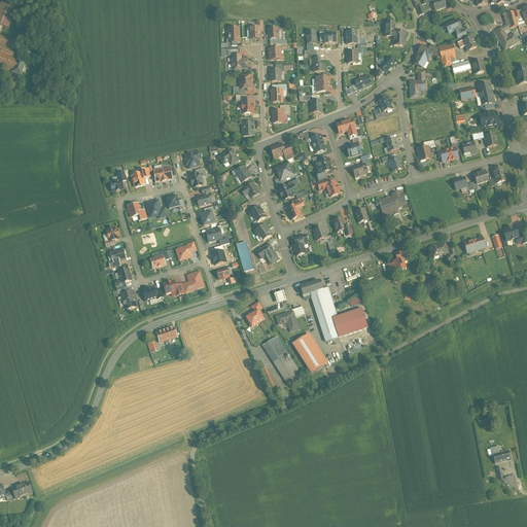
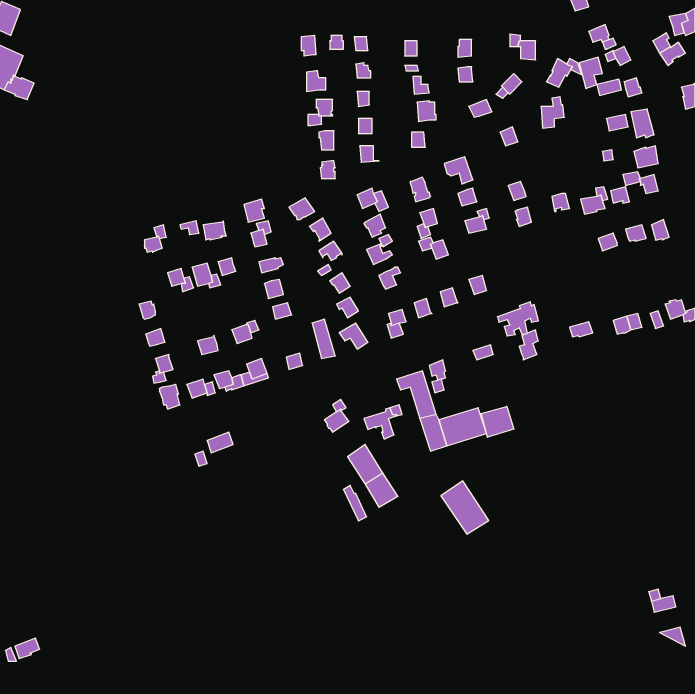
building: [375,189,406,215] -> [497,302,538,336]
building: none -> [481,406,514,437]
building: [291,332,327,373] -> [441,481,489,534]

